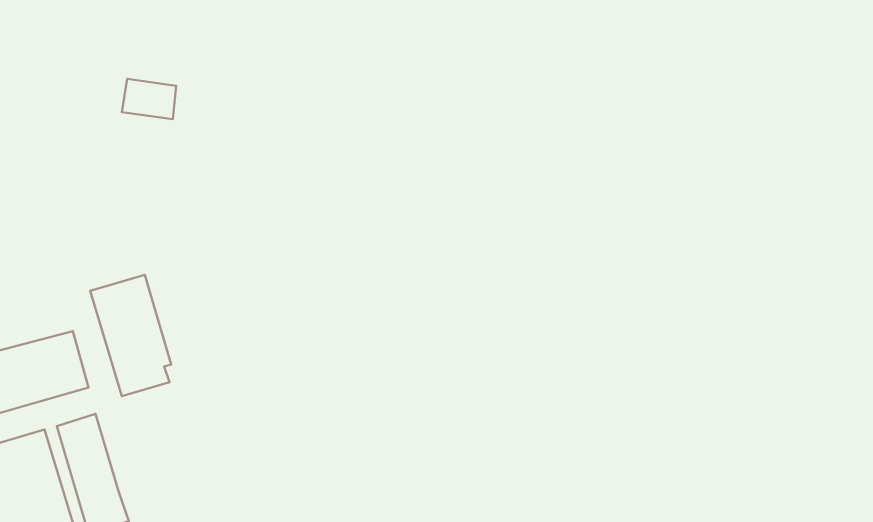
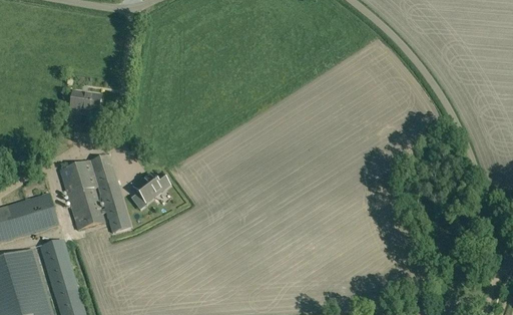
building: [122,79,176,119] -> [69,90,100,113]
building: none -> [90,155,130,232]
building: none -> [133,174,168,202]

